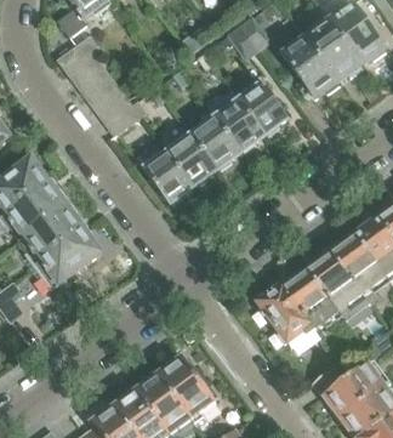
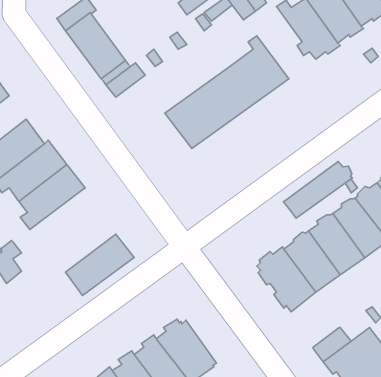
building: [143,150,193,204] -> none
building: none -> [283,162,352,218]
building: [33,228,101,289] -> [65,234,134,296]

